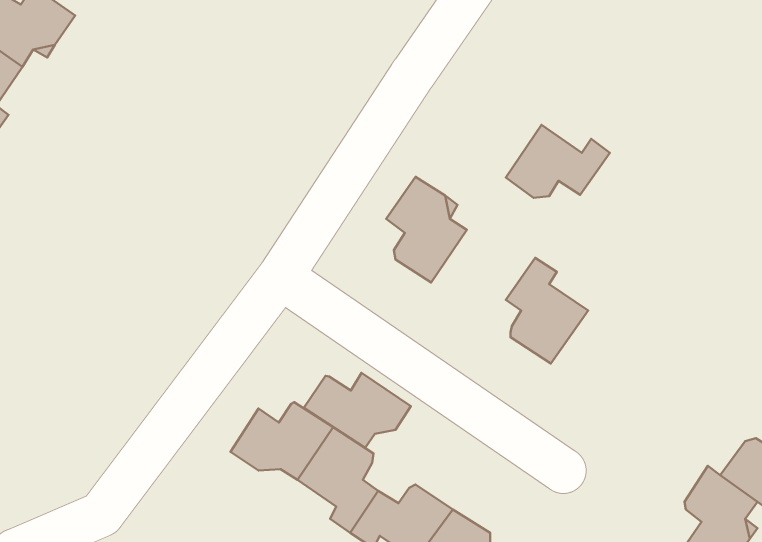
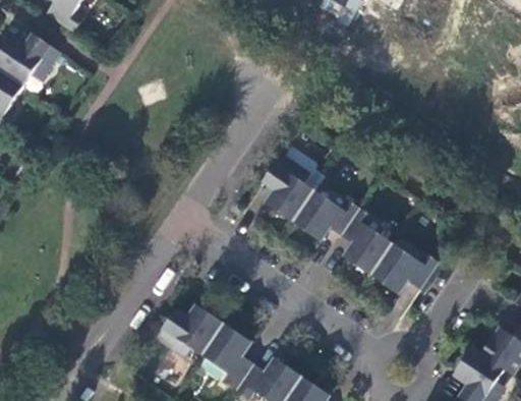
building: [506,125,610,198] -> [291,191,359,239]
building: none -> [369,244,438,293]
building: [304,373,411,448] -> none

